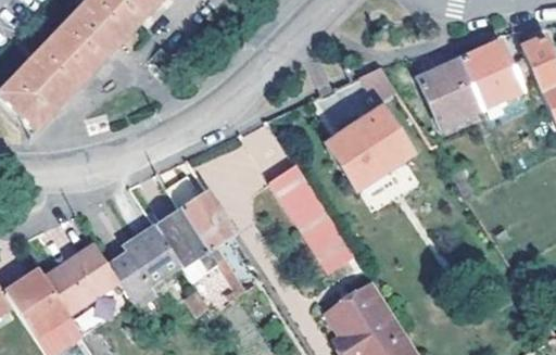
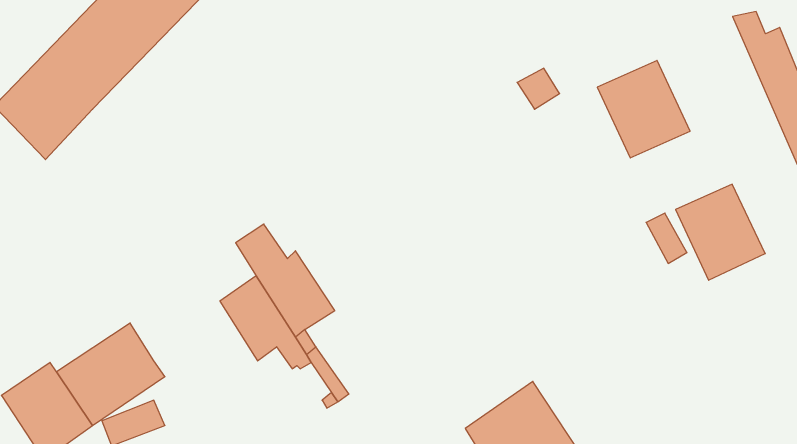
building: [458,42,520,109] -> [676,184,765,280]
building: [325,110,409,190] -> none
building: [269,164,355,271] -> none
building: [111,226,180,304] -> none

